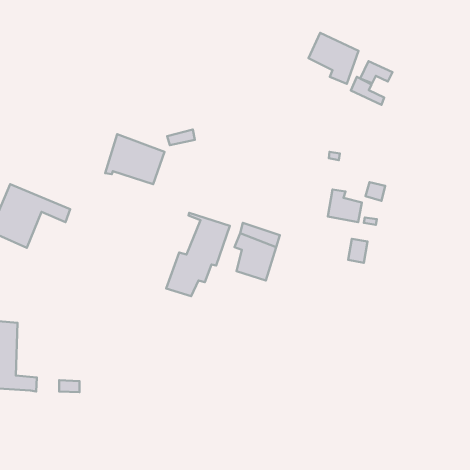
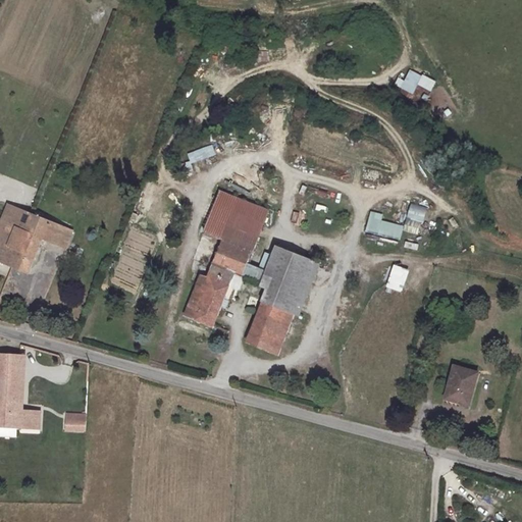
building: [308,33,359,84] -> none
building: [351,77,384,105] -> none
building: [105,134,164,184] -> [201,194,266,249]
building: none -> [247,299,294,353]
building: none -> [447,364,477,402]

